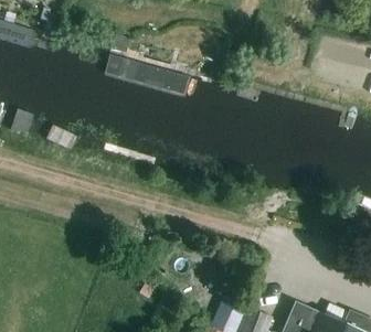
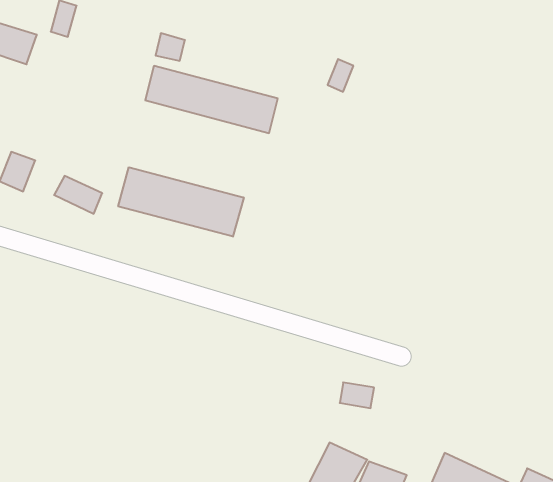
building: none -> [118,167,244,237]

